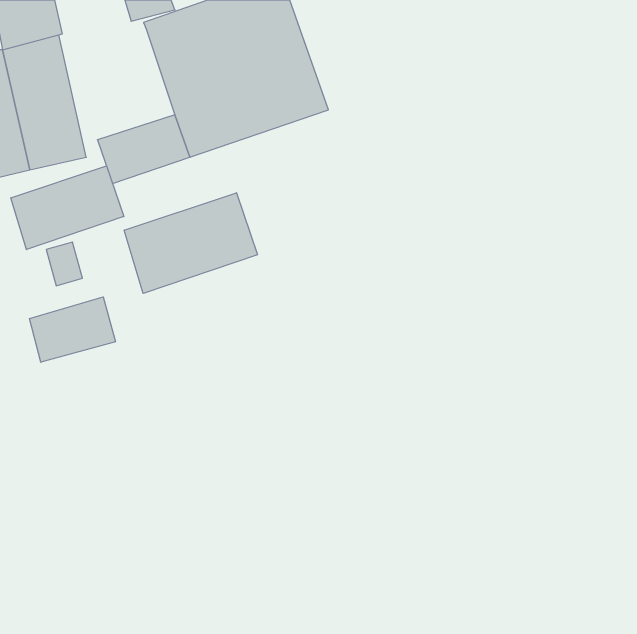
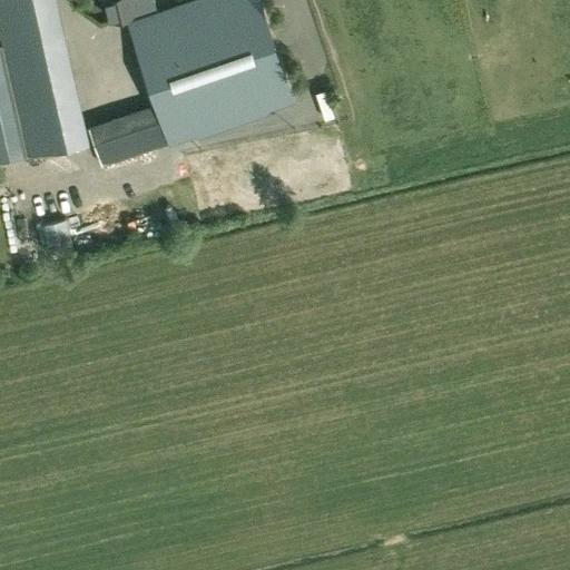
building: [11,166,124,250] -> none
building: [124,193,258,293] -> none
building: [29,297,115,362] -> none

